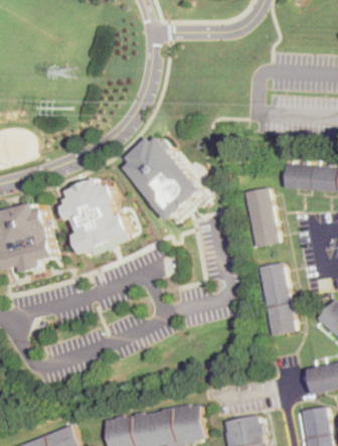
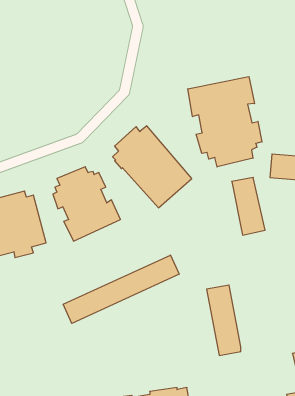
building: none -> [188,77,262,167]
building: [259,263,294,335] -> [207,285,241,355]
building: none -> [63,255,179,323]

